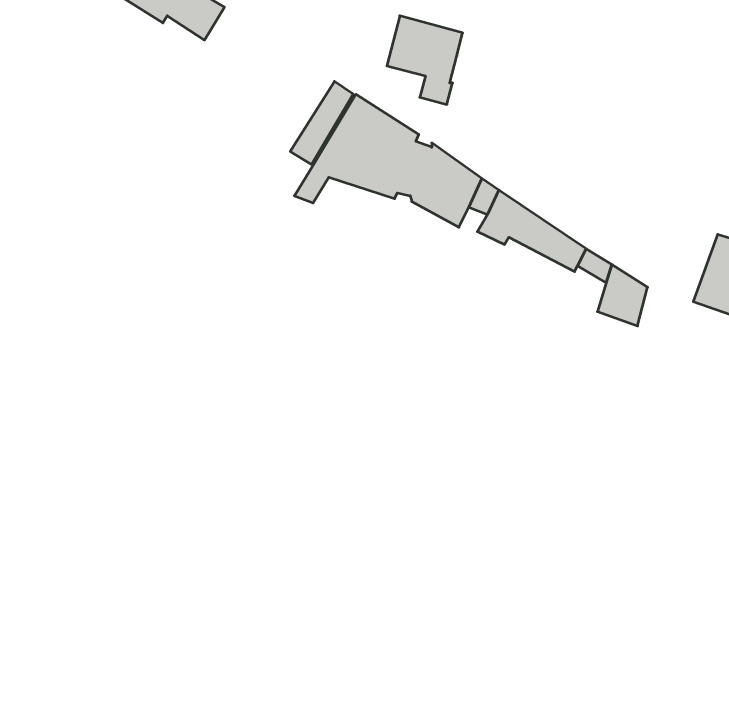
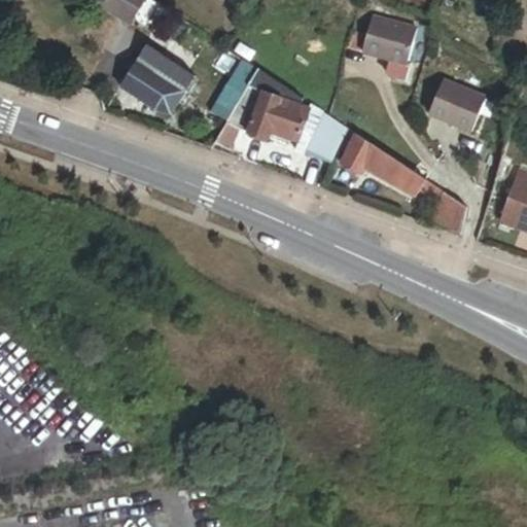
building: [387,16,463,104] -> [360,14,415,78]
building: none -> [119,44,194,113]
building: none -> [426,78,485,131]

